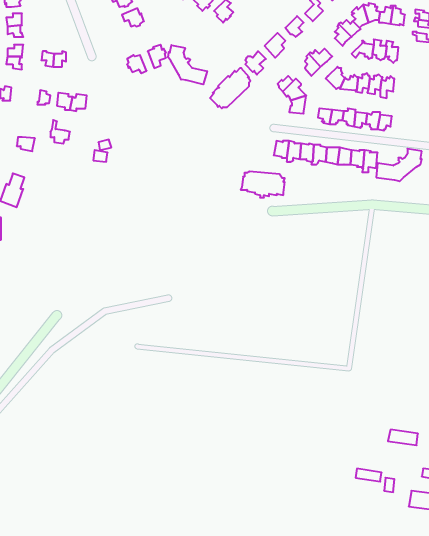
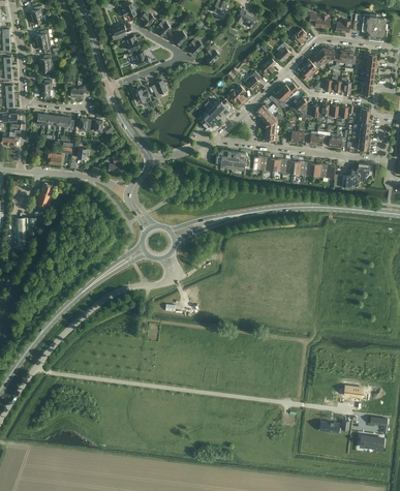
building: [168,45,207,84] -> none
building: [241,172,285,198] -> [214,150,249,171]

